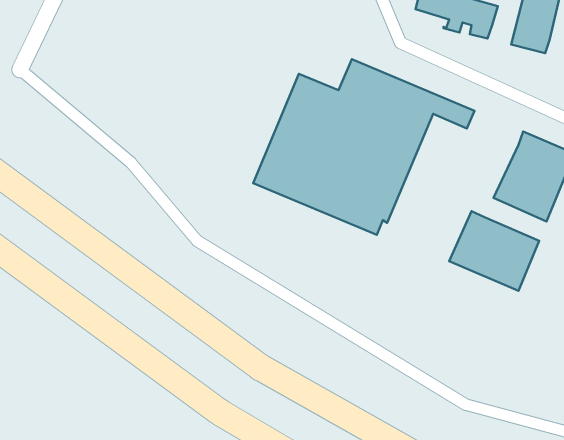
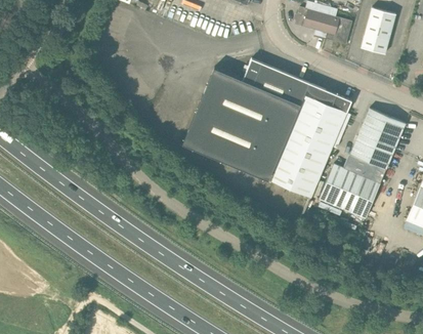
building: none -> [271,93,351,197]
building: none -> [343,154,386,183]

